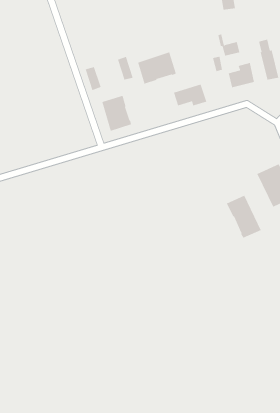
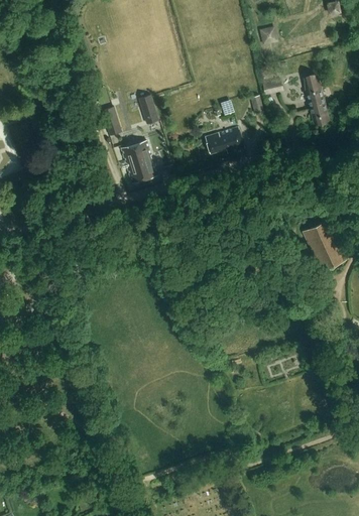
building: [137,51,177,85] -> none
building: [228,62,255,88] -> none
building: [226,195,261,239] -> none

